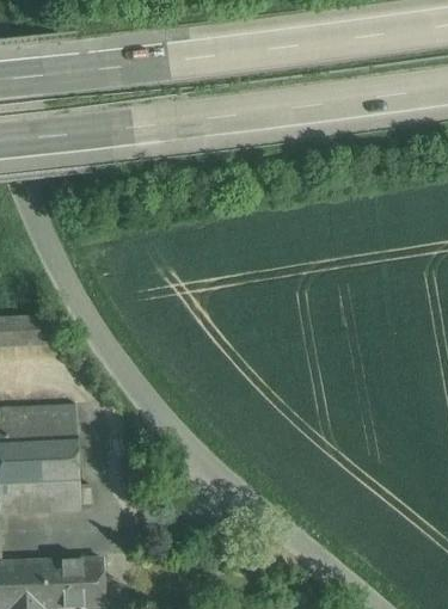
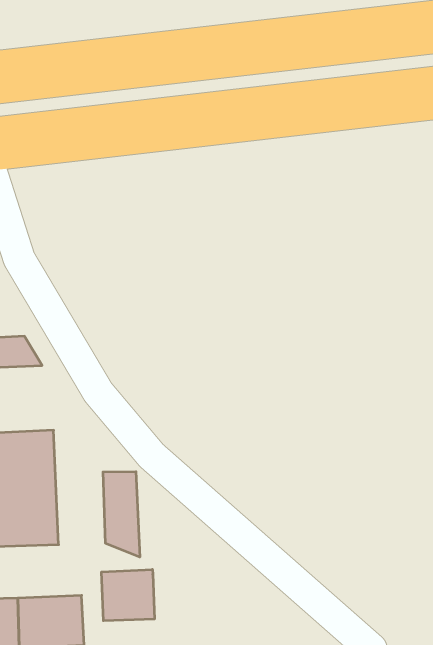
building: none -> [103,472,140,557]
building: none -> [102,569,154,621]

